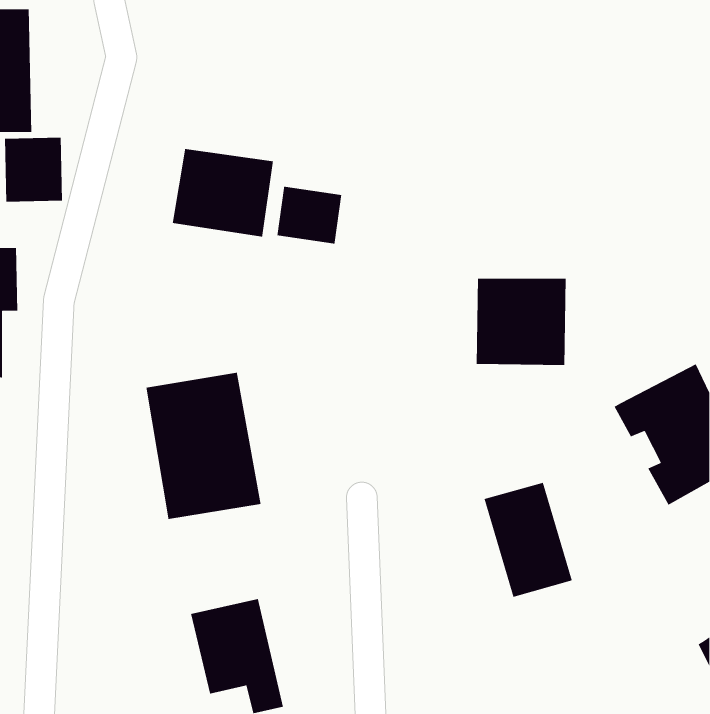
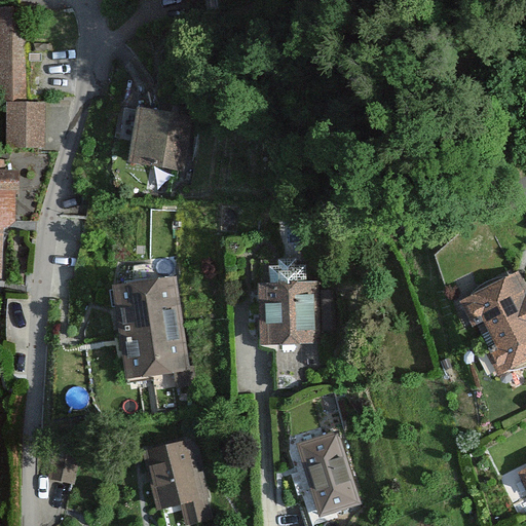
building: [276,186,342,244] -> none
building: [476,278,567,366] -> [256,279,323,344]
building: [483,482,573,598] -> [296,431,362,517]

